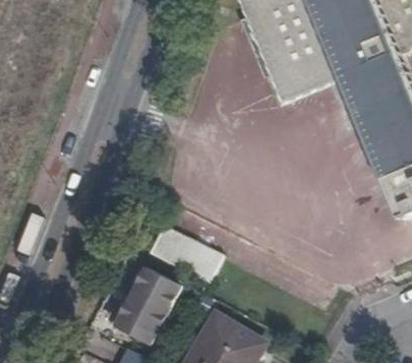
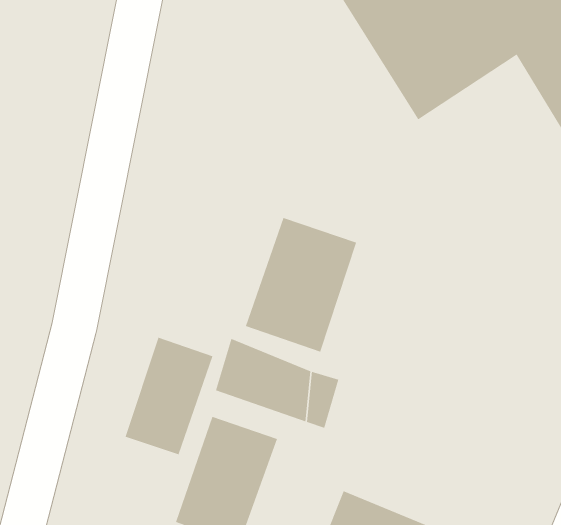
building: none -> [245,217,357,353]
building: none -> [125,337,213,455]

